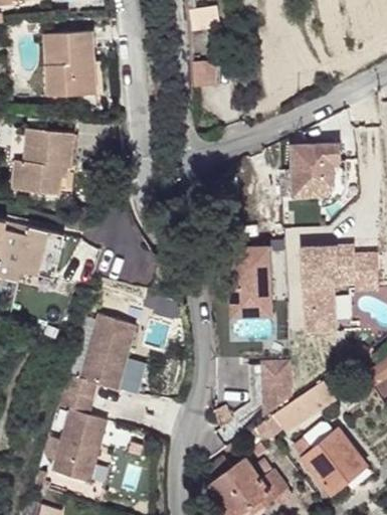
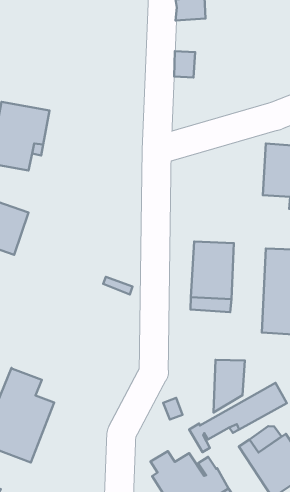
building: [43,31,95,97] -> none
building: [62,315,136,399] -> none

